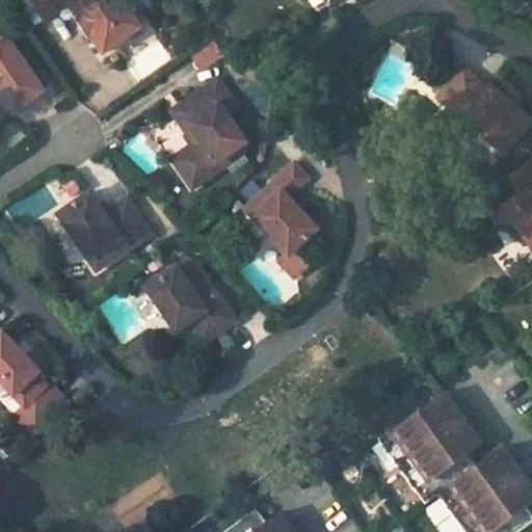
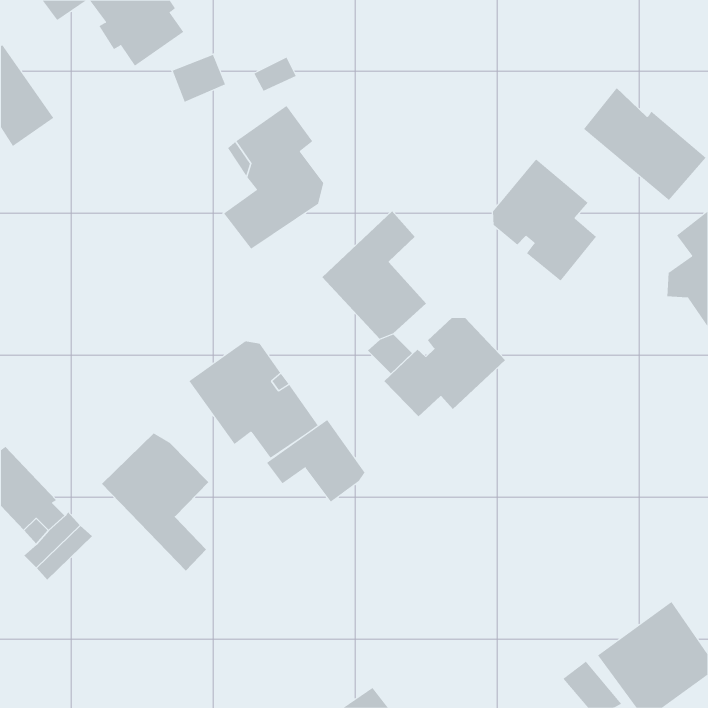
building: none -> [493,159,597,281]
building: [52,186,155,273] -> none
building: none -> [384,317,506,417]
building: none -> [266,419,365,502]
building: none -> [101,433,209,571]
building: [389,394,482,487] -> none

